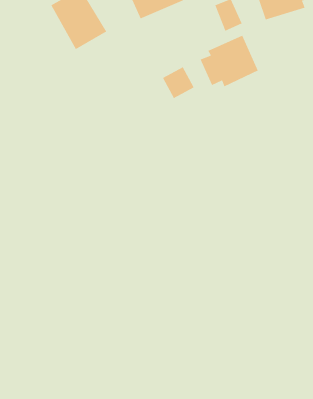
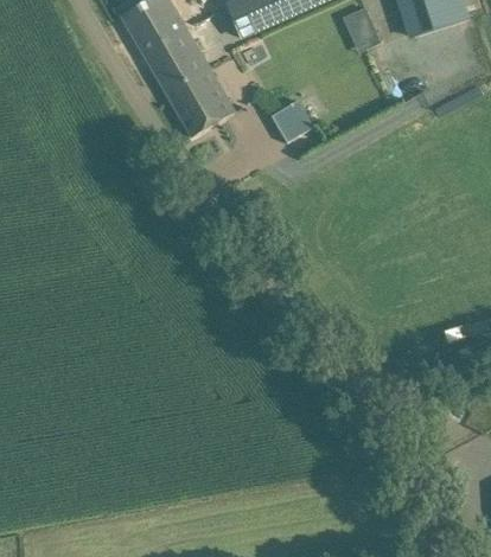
building: none -> [154,51,231,135]
building: [200,35,258,87] -> none

